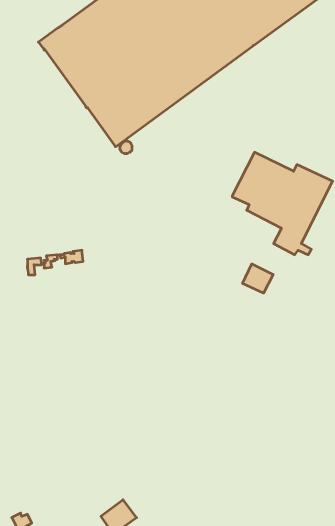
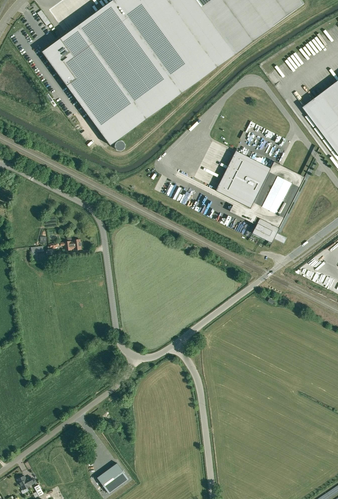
building: [243,264,273,293] -> none

